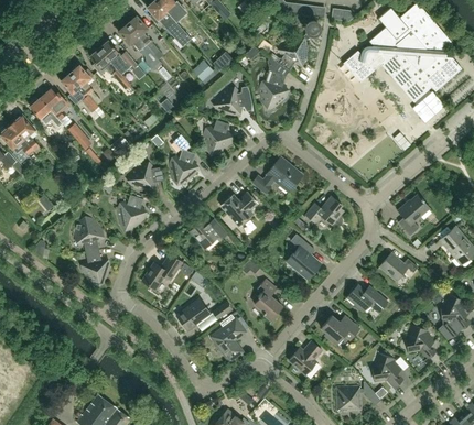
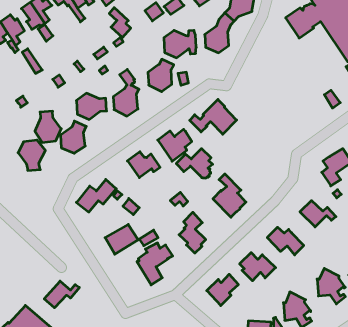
building: [305,196,344,227] -> [176,149,213,178]
building: [83,250,110,284] -> [35,111,61,142]
building: none -> [44,281,79,308]

